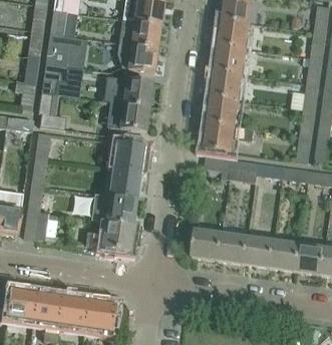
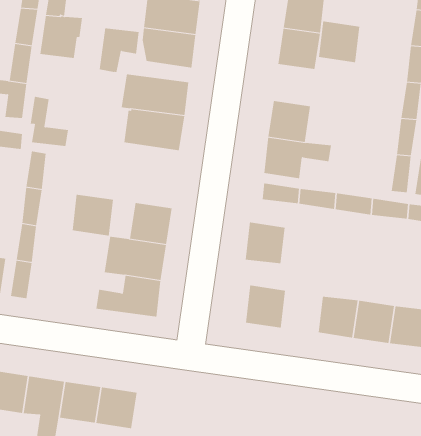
building: [41,63,70,95] -> [99,28,140,72]
building: [213,70,243,100] -> [318,21,360,63]
building: [113,143,143,174] -> [72,194,114,236]
building: [219,233,248,263] -> [245,222,285,264]

